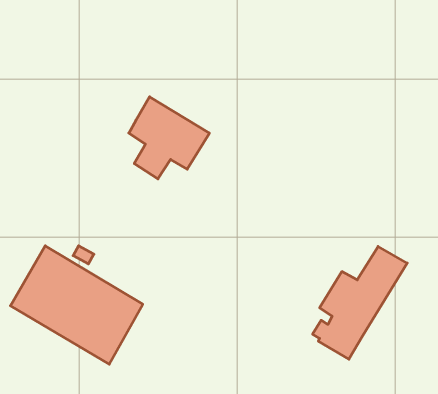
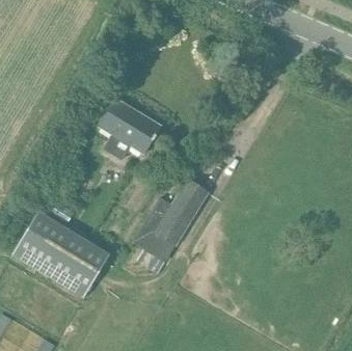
building: [313,246,407,359] -> [138,179,209,263]

